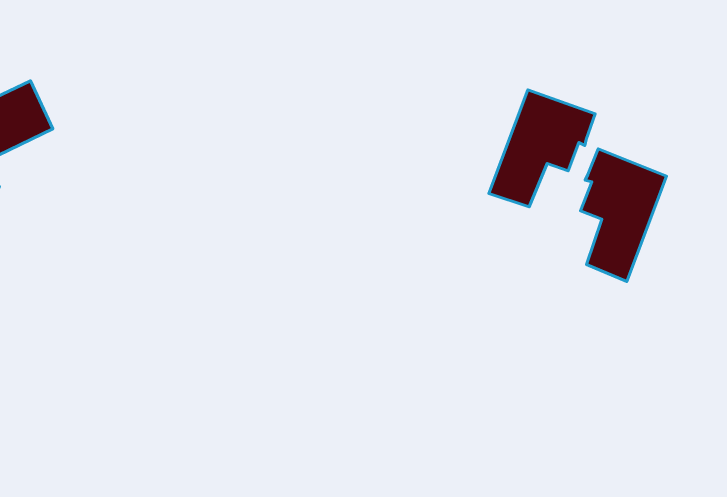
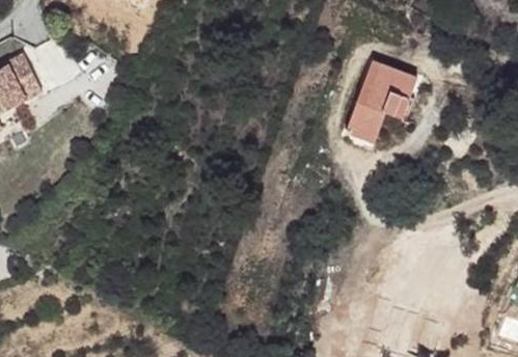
building: [581,149,666,281] -> none

